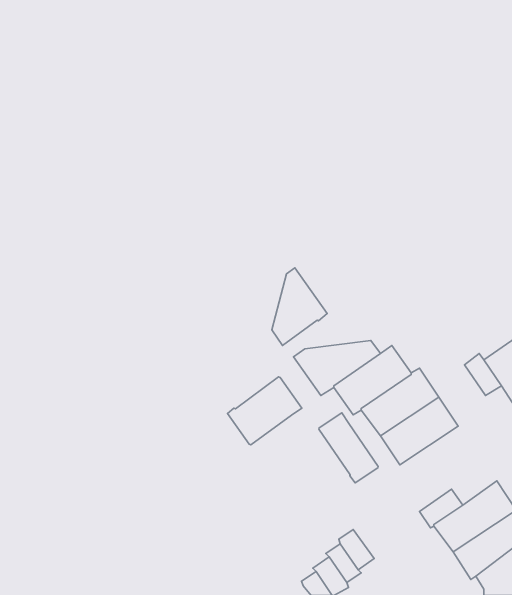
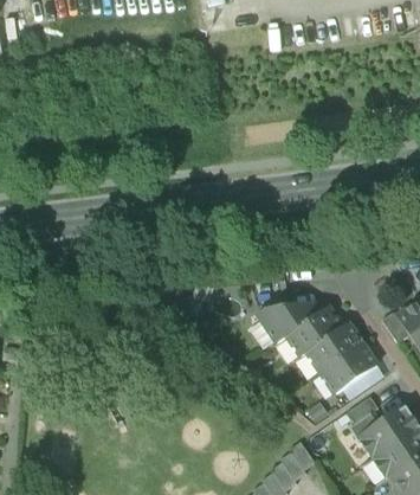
building: [272,268,327,346] -> none
building: [228,377,302,445] -> none
building: [319,413,378,483] -> none

